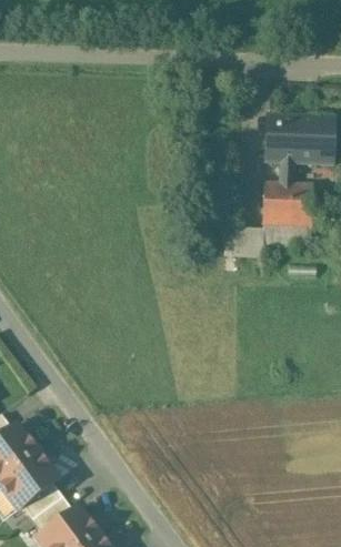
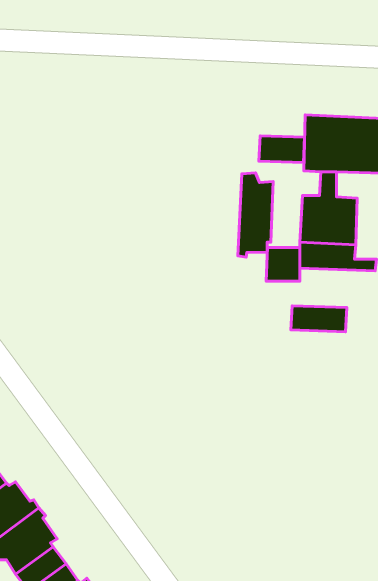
building: none -> [259,136,305,162]
building: none -> [238,173,273,257]
building: none -> [291,306,347,332]

